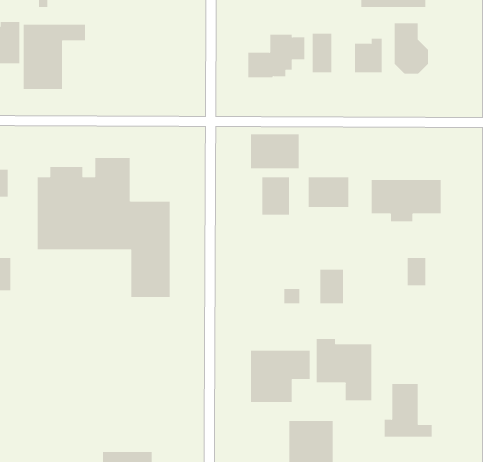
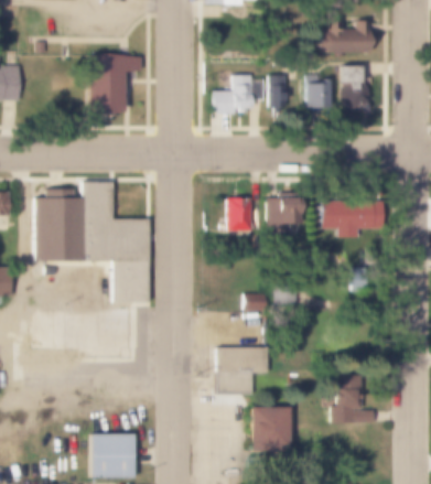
building: [23,24,86,90] -> [88,56,142,112]
building: [250,133,299,169] -> none
building: [316,338,372,401] -> none

